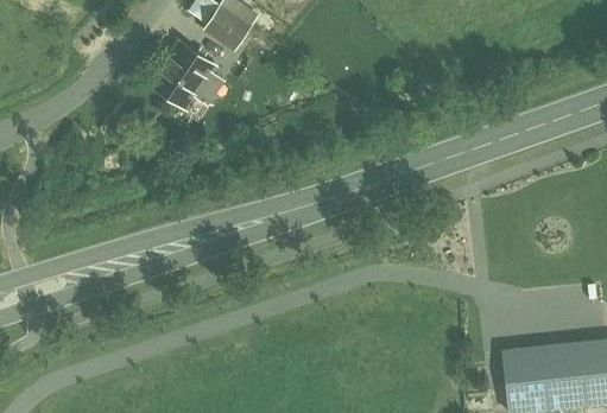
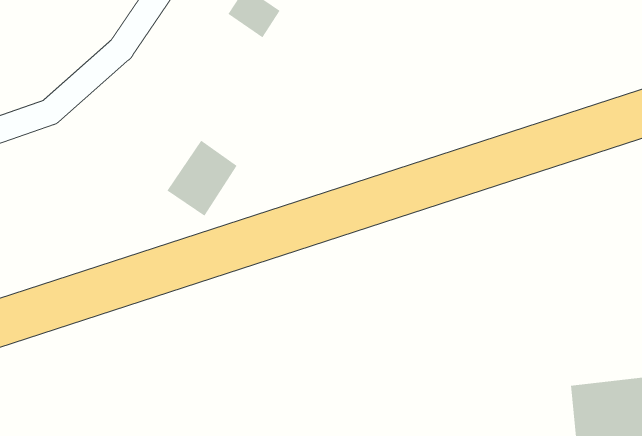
building: [153,43,215,109] -> [167,140,238,216]

